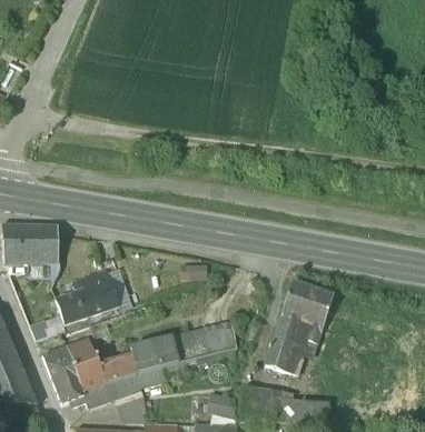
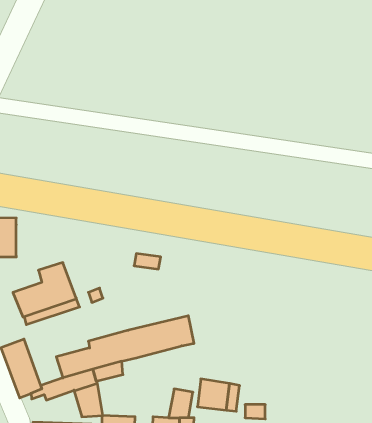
building: [265,281,333,375] -> none
building: [66,338,105,392] -> none

